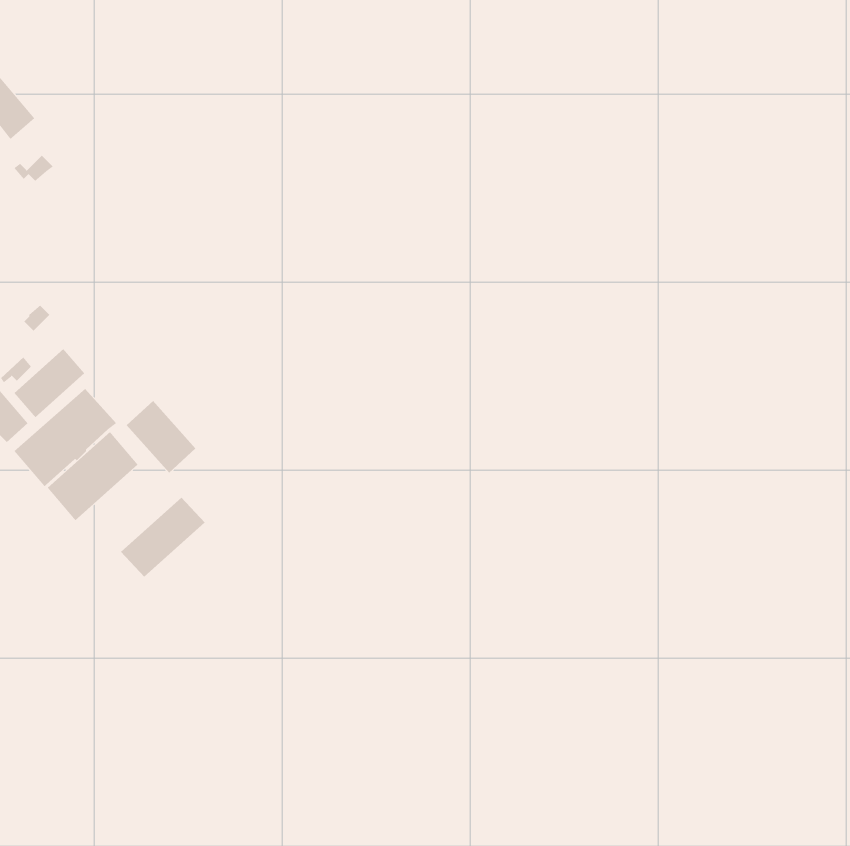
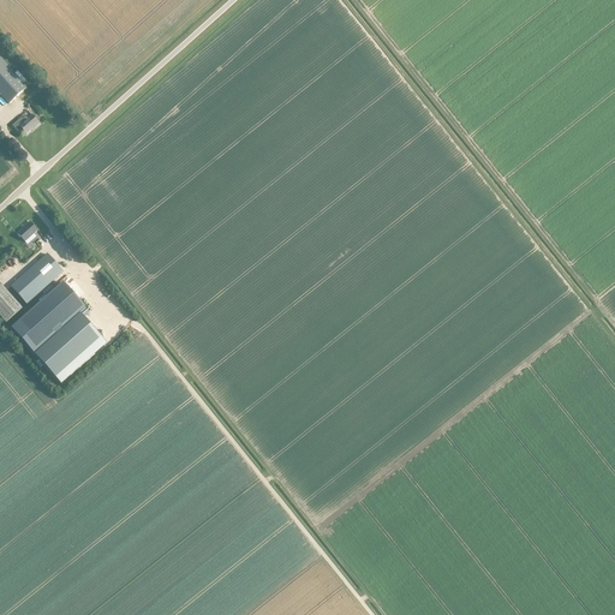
building: [126,400,196,474] -> none
building: [120,497,205,577] -> none

